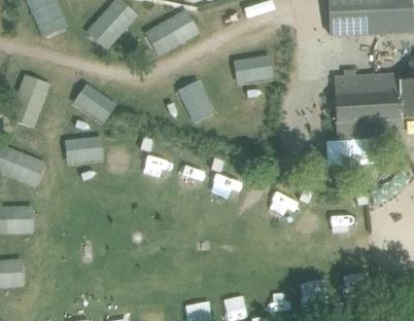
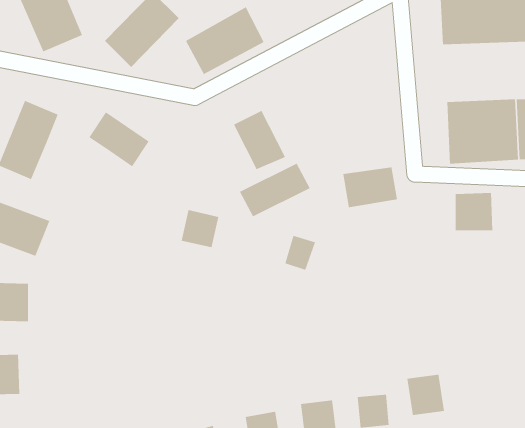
building: [234,56,274,85] -> [343,167,398,208]
building: none -> [239,163,310,217]
building: [63,135,107,165] -> none

